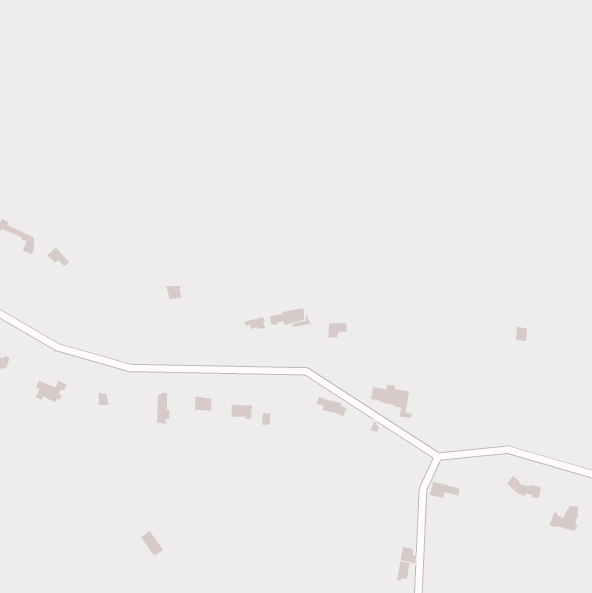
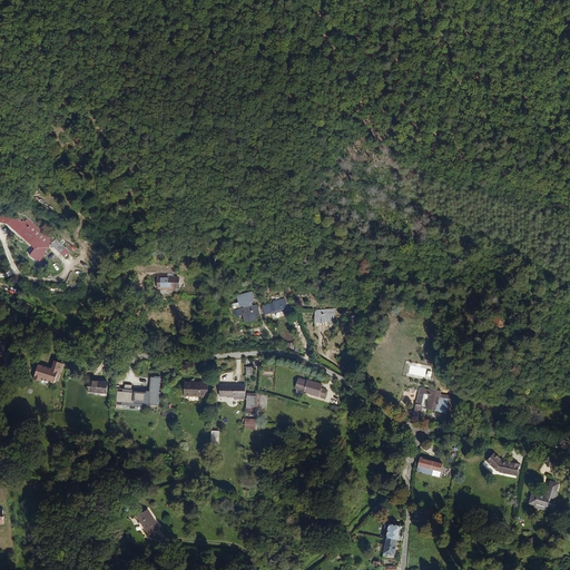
building: [370,384,413,418] -> [411,387,452,420]
building: none -> [117,384,148,410]

